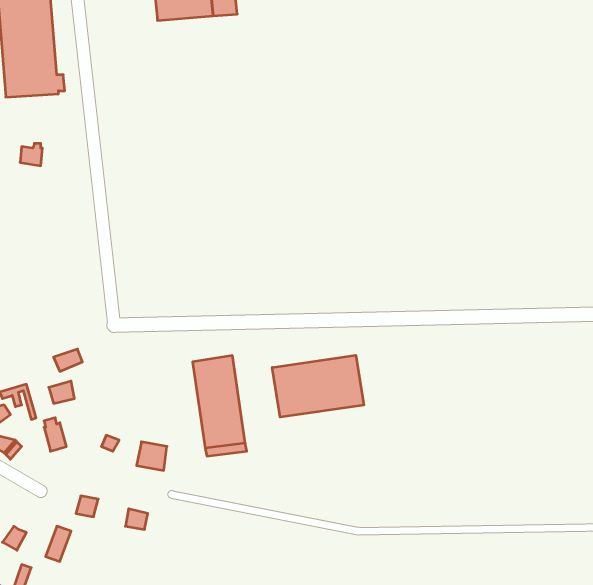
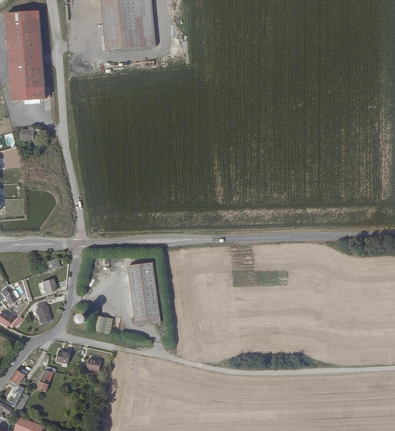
building: [272,355,364,417] -> none

